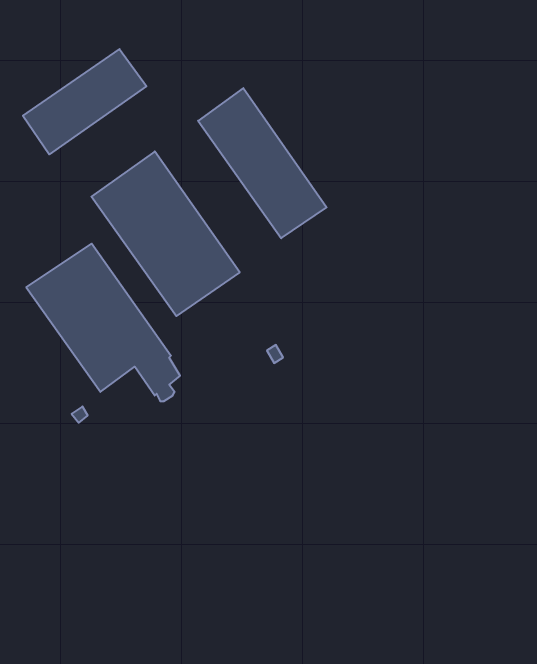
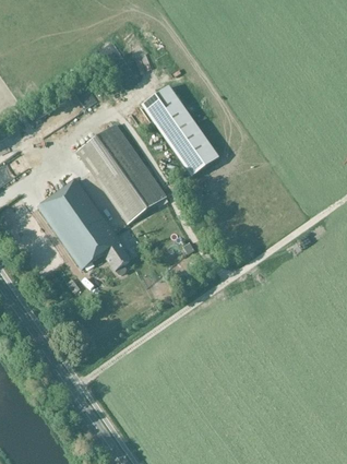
building: [23,49,146,154] -> none

